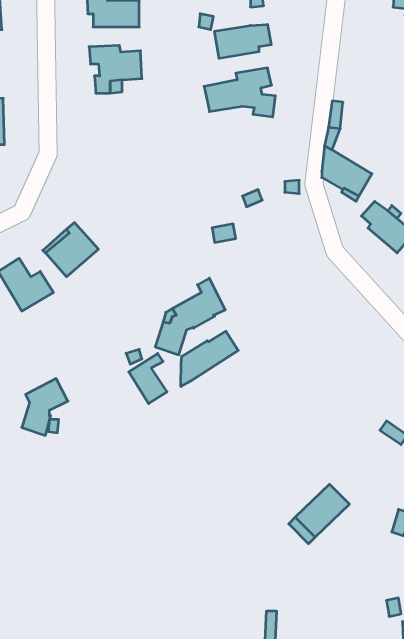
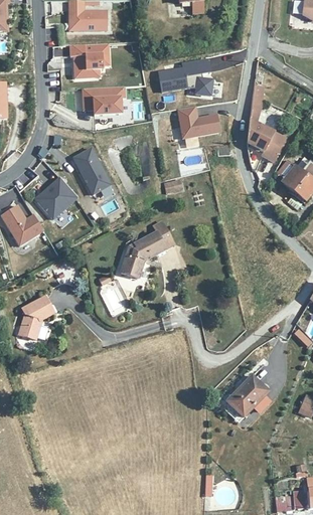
building: [215,24,271,58] -> none
building: none -> [84,84,126,114]
building: none -> [179,107,220,139]
building: none -> [73,148,111,194]
building: [181,331,238,387] -> none

